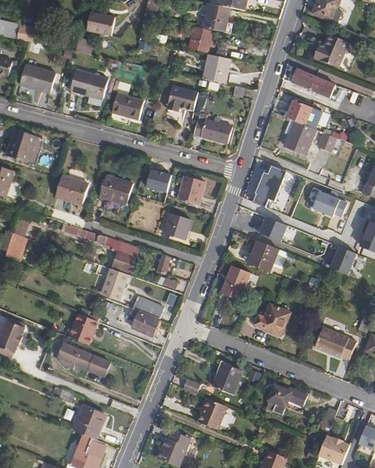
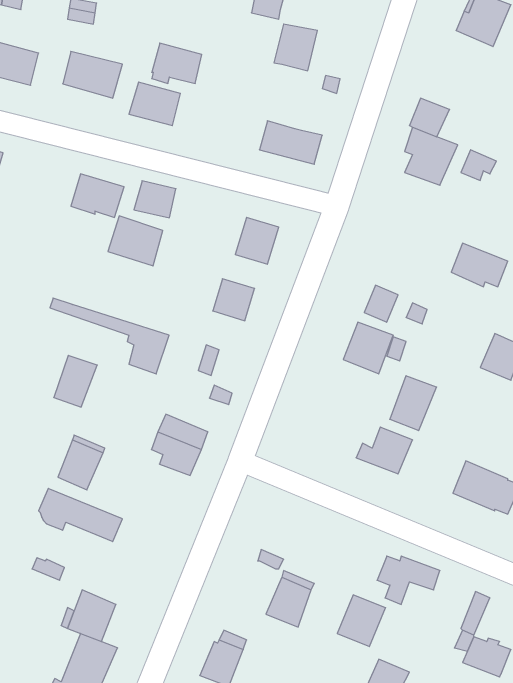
building: [291,69,337,99] -> none
building: [168,84,199,109] -> [152,43,202,83]
building: [255,167,296,212] -> none
building: [146,170,172,193] -> [134,181,176,218]
building: [56,175,89,202] -> [71,174,124,217]
building: [220,264,249,298] -> [390,376,437,431]
building: [101,267,128,299] -> [54,355,97,407]
building: [212,362,242,394] -> [337,595,386,647]

